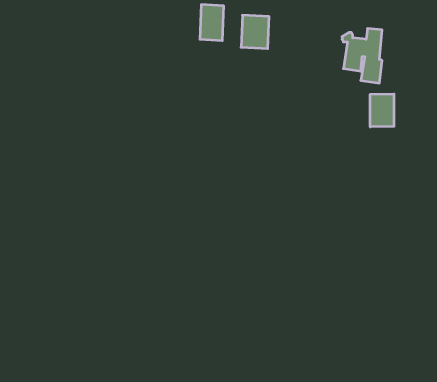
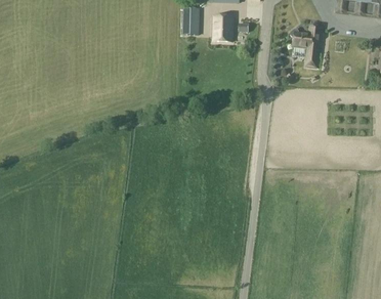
building: [370,94,394,127] -> none

